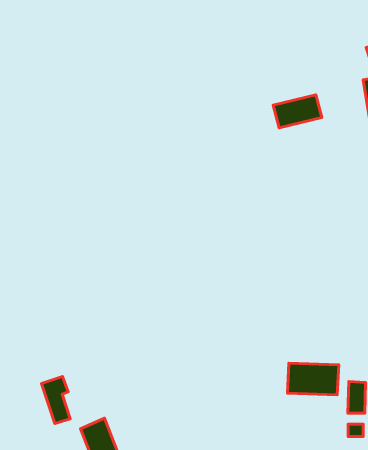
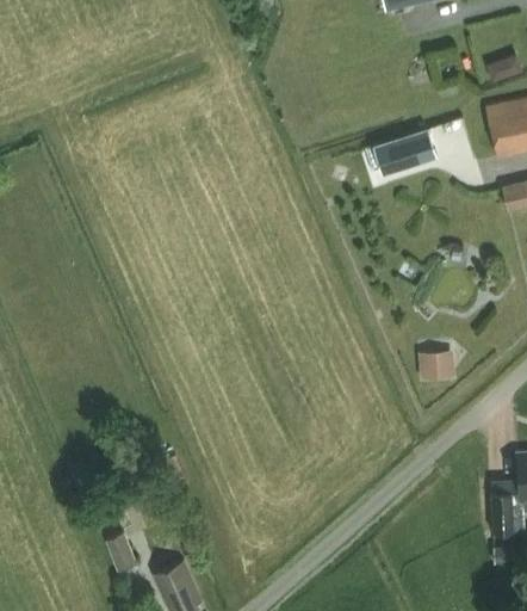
building: none -> [422,353,454,379]
building: [287,363,339,395] -> none

